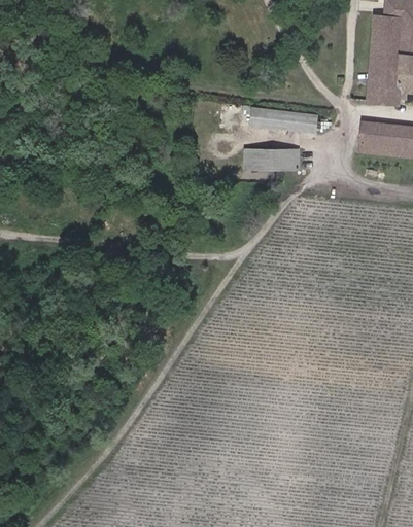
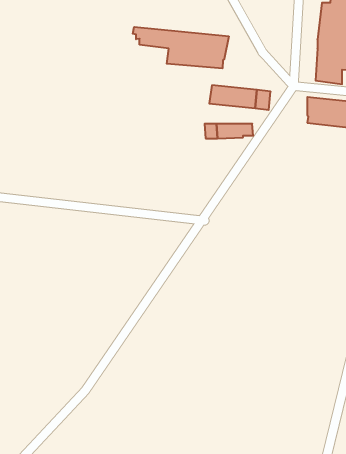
building: none -> [133,27,229,68]

